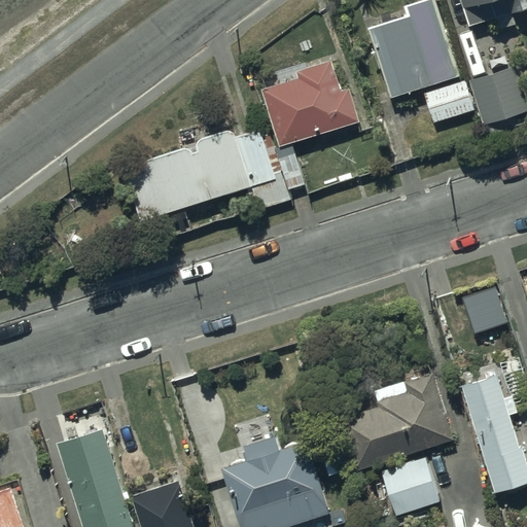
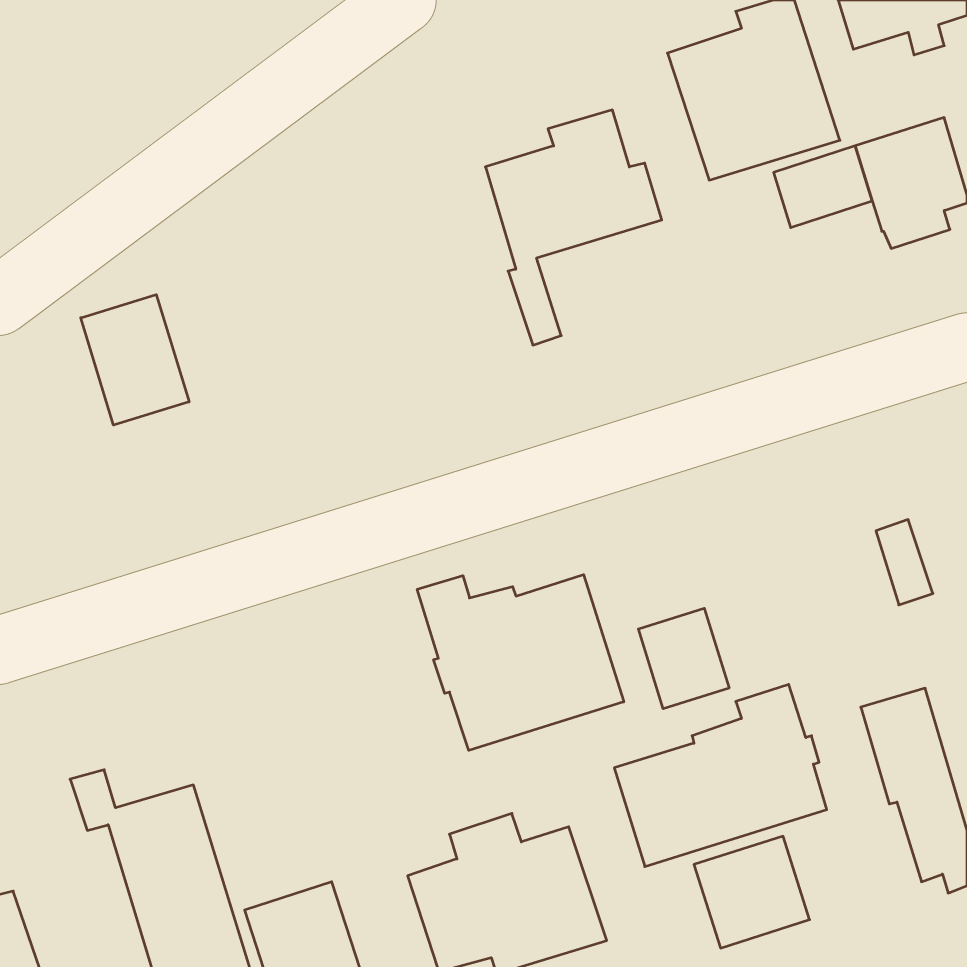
building: [120,130,287,225] -> none
building: none -> [81,295,189,425]
building: none -> [417,575,624,750]
building: none -> [638,608,729,709]

